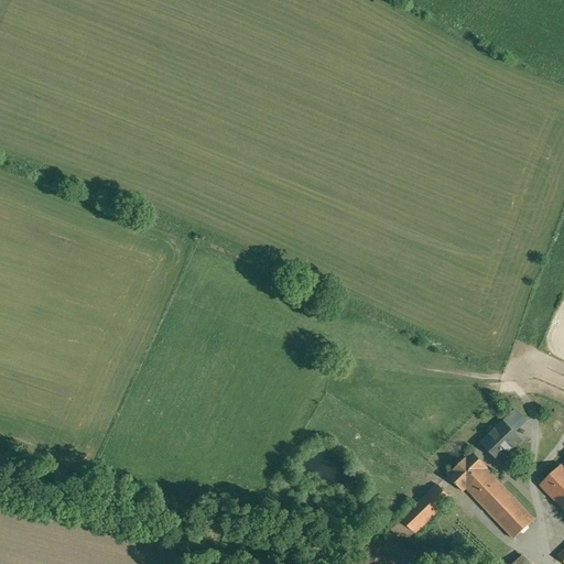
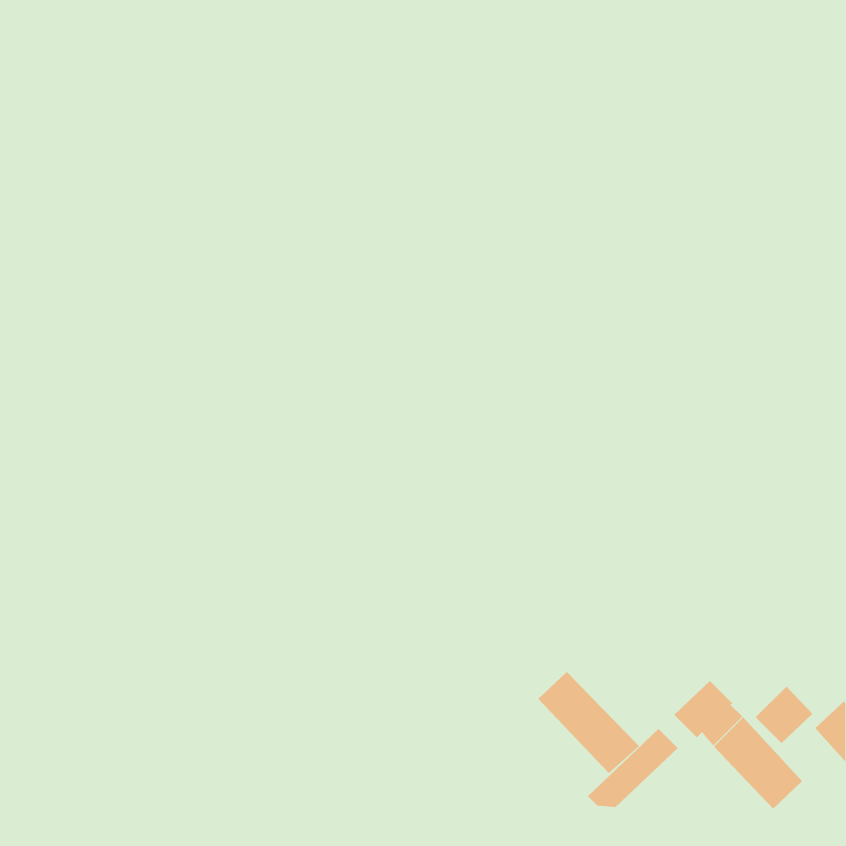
building: [481,421,520,459] -> [755,686,813,744]
building: none -> [538,671,640,774]

